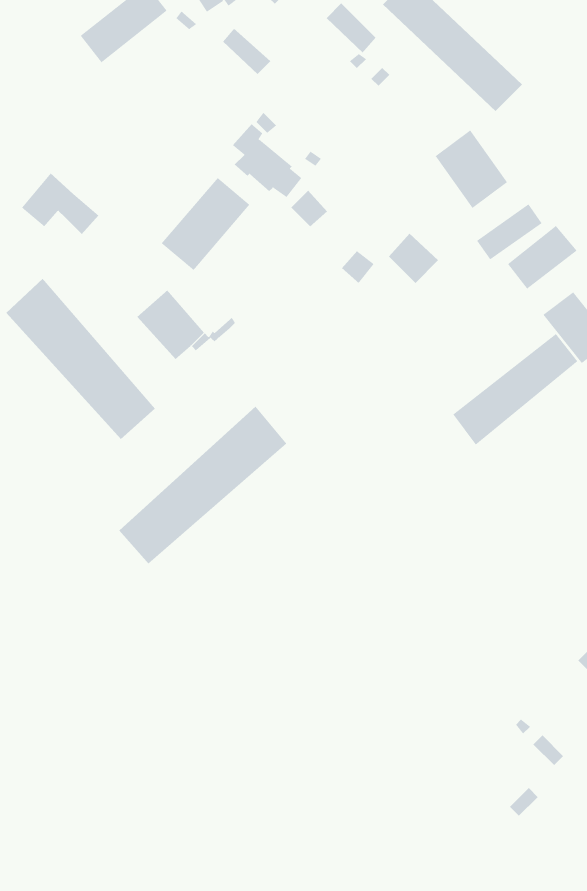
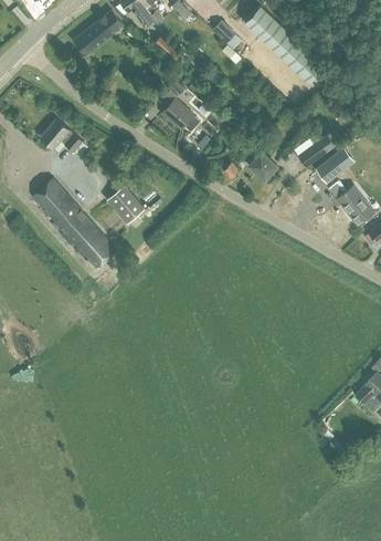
building: [435,129,508,209] -> none
building: [161,177,250,271] -> none
building: [452,333,578,446] -> none
building: [118,406,287,565] -> none

